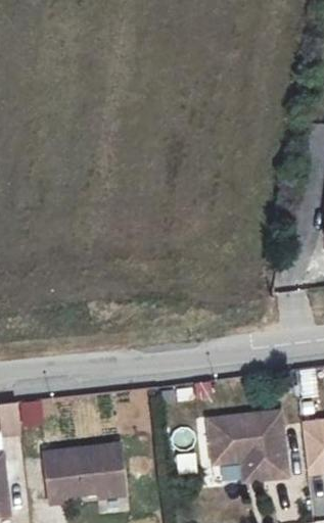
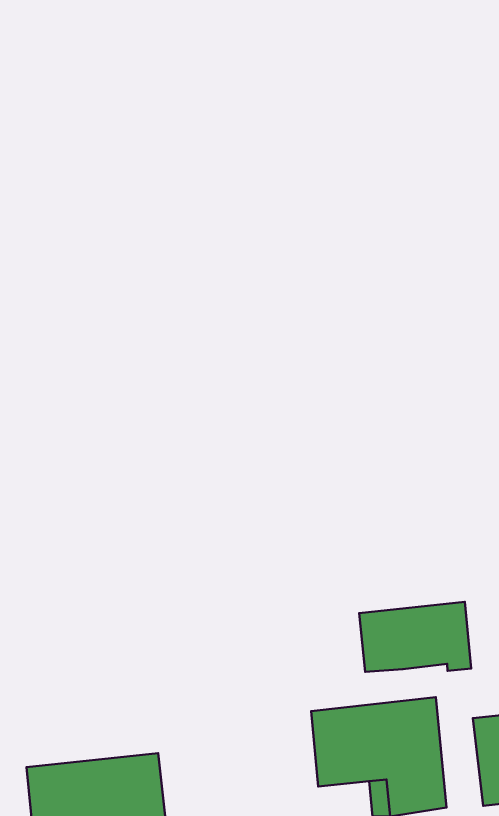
building: none -> [359,602,471,672]

